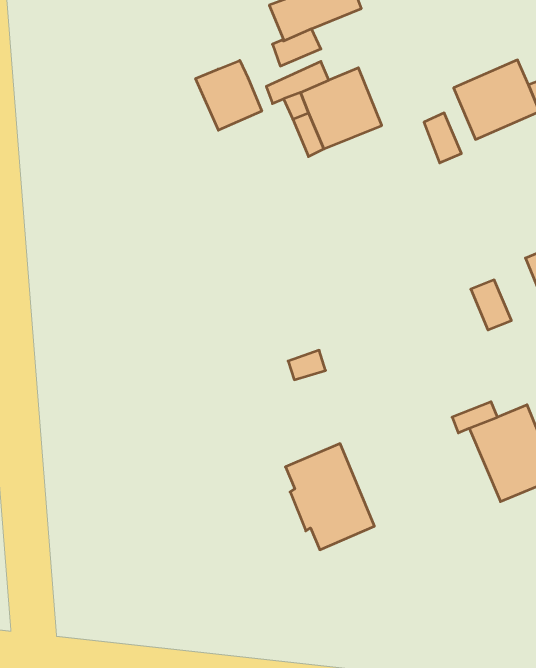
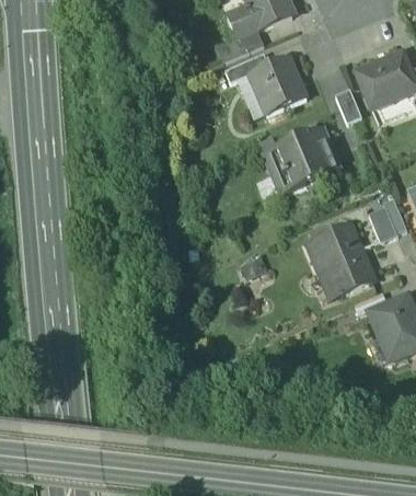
building: [196,60,262,130] -> none
building: none -> [265,128,333,189]
building: [285,444,374,550] -> [311,221,373,296]

